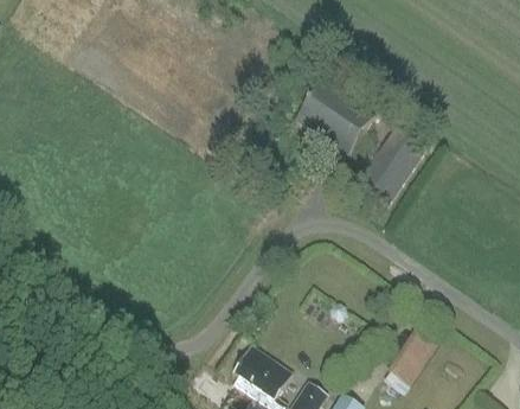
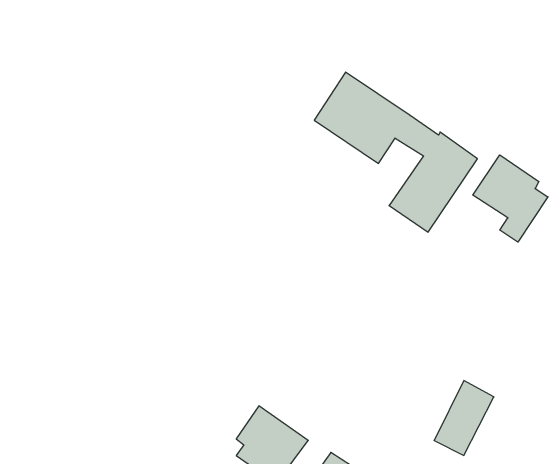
building: none -> [473,155,548,242]

